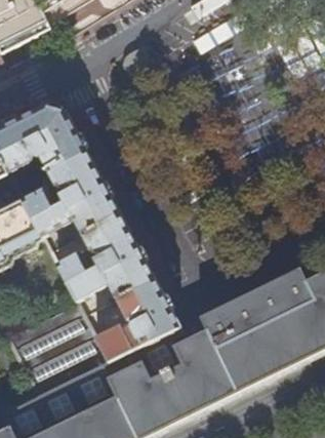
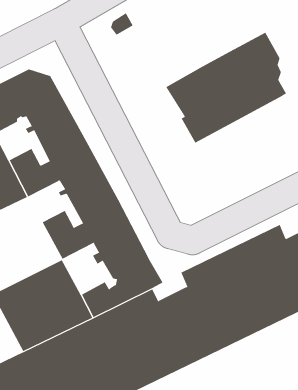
building: none -> [165,32,287,143]

